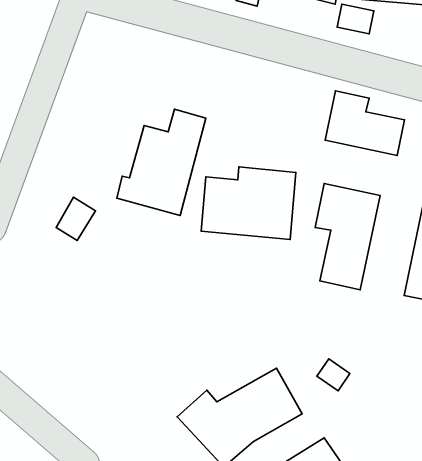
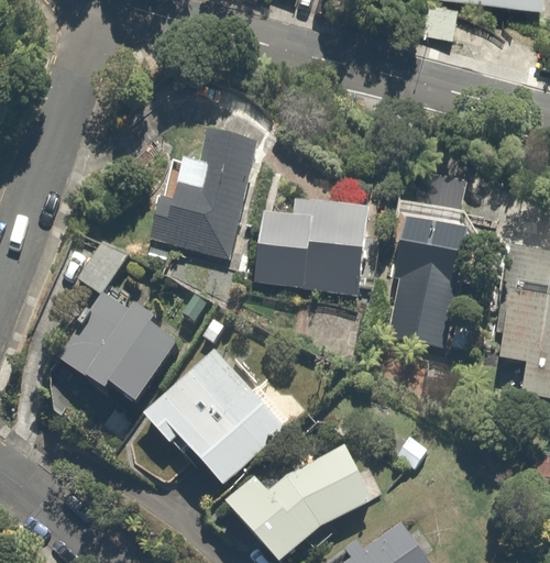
building: [325,91,404,156] -> none
building: none -> [57,290,183,404]
building: none -> [143,350,284,483]

